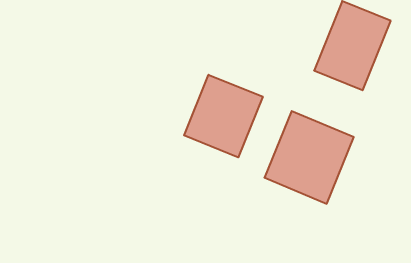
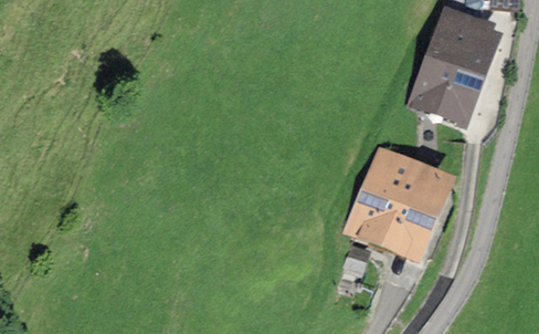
building: [184,75,263,157] -> none

